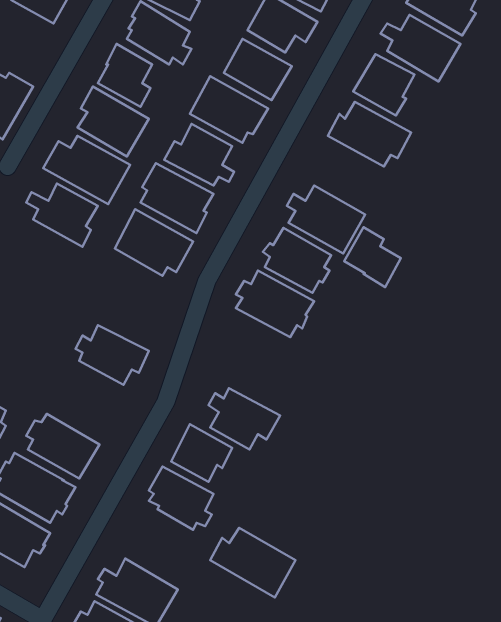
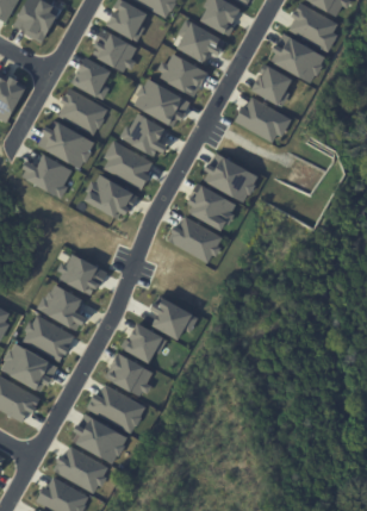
building: [344,227,401,287] -> none
building: none -> [38,282,87,331]
building: [210,528,295,598] -> [86,384,145,432]

